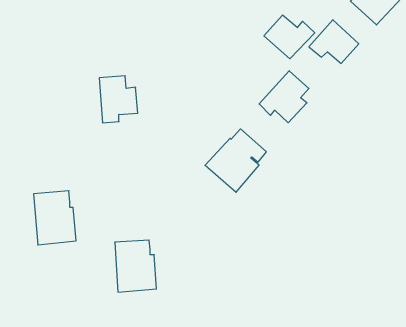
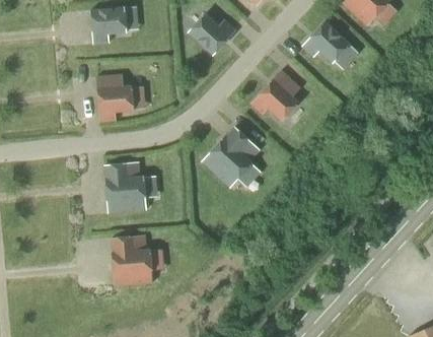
building: none -> [91,7,128,44]
building: [264,15,315,59] -> [188,13,237,56]
building: [34,191,76,245] -> [105,160,147,213]

